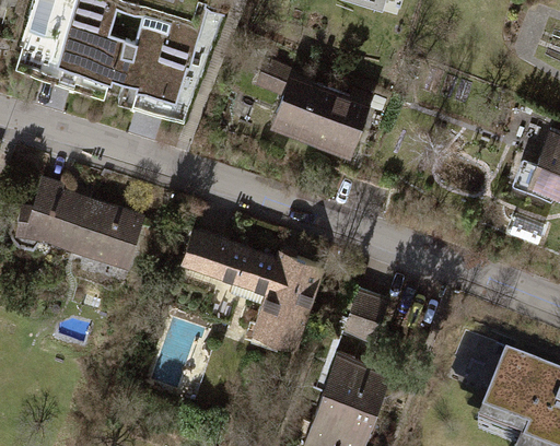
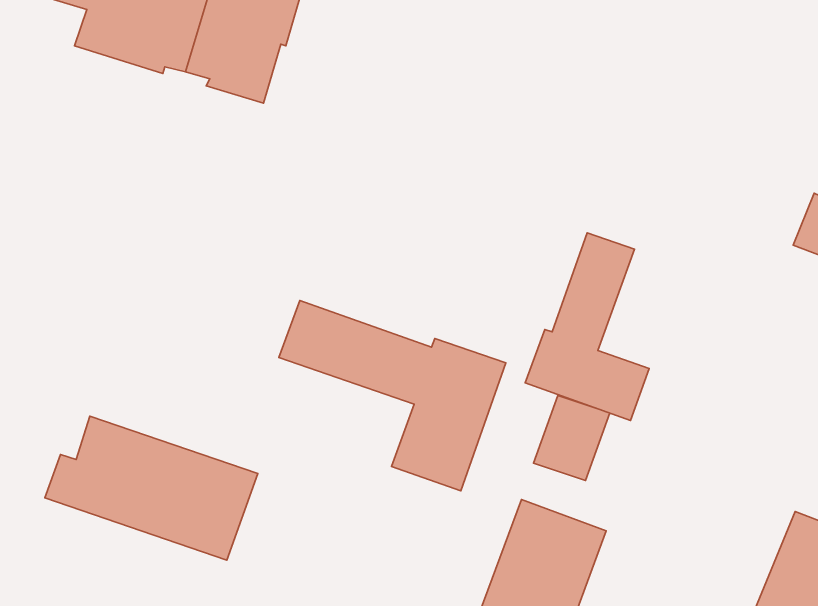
building: [254,60,371,156] -> none
building: [12,179,147,270] -> [45,416,258,560]
building: none -> [525,233,649,420]

